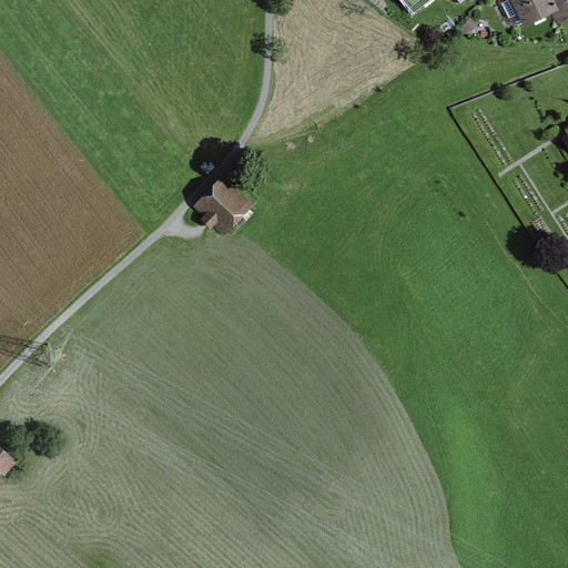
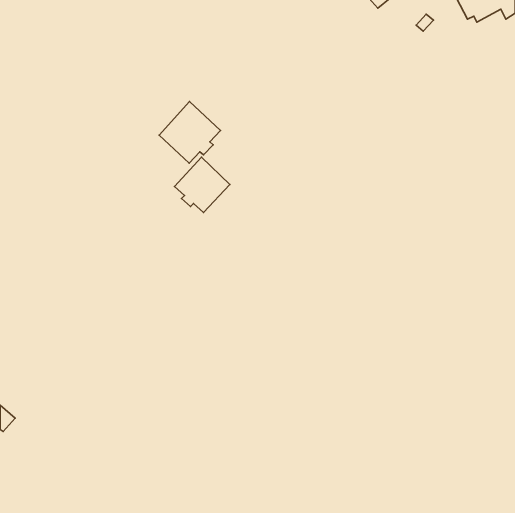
building: none -> [159,102,221,163]

